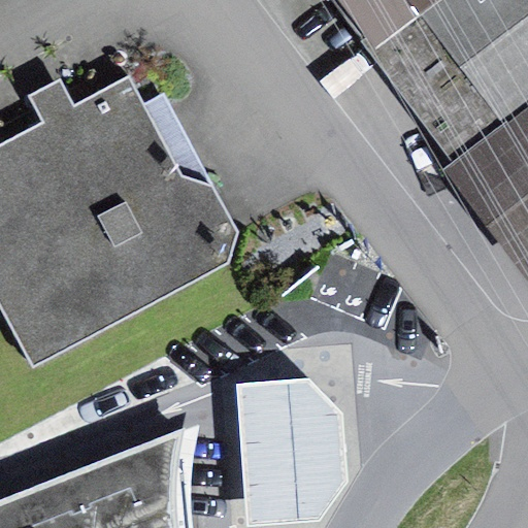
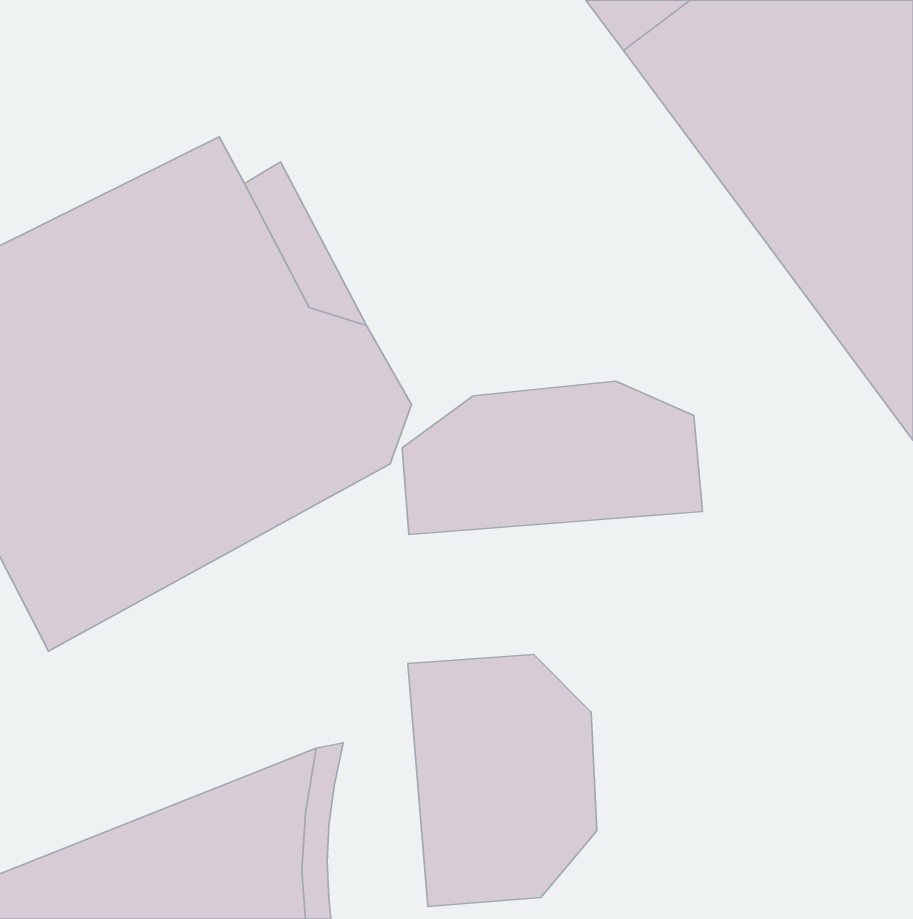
building: none -> [402,381,703,535]

